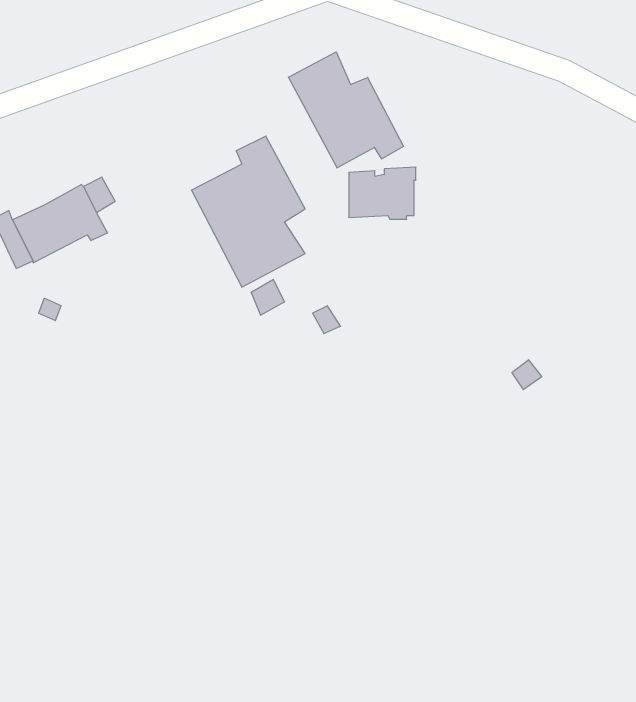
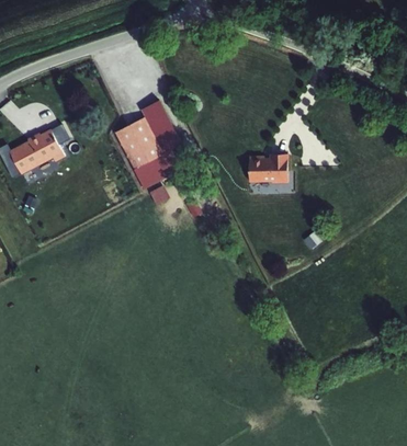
building: [288,52,404,168] -> none
building: [349,167,416,219] -> [249,153,289,184]

